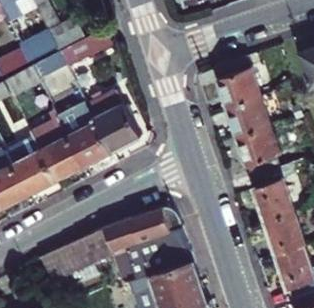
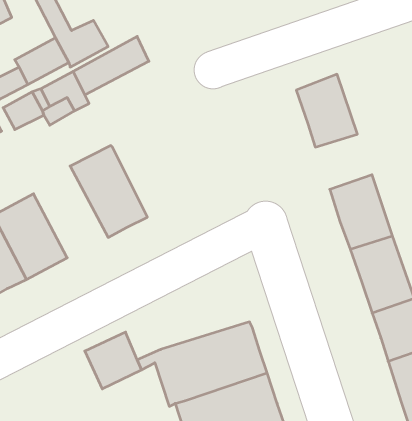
building: [86,91,140,154] -> none
building: [225,97,264,135] -> none
building: [30,119,83,182] -> none
building: [95,210,180,252] -> none
building: [40,246,79,285] -> none

